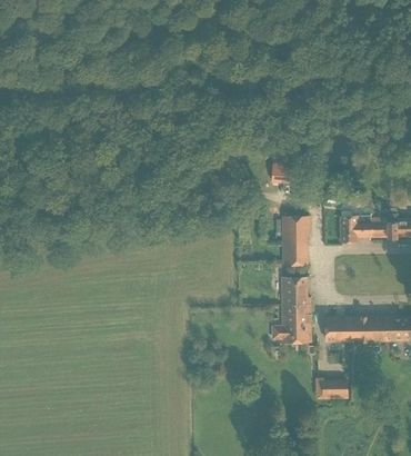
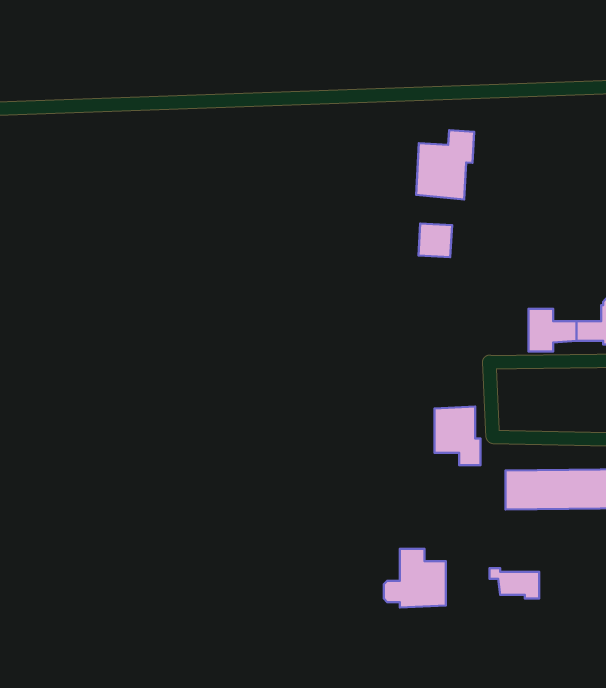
building: none -> [416,130,474,200]
building: [282,217,310,266] -> none
building: [272,307,311,344] -> [384,549,446,607]

